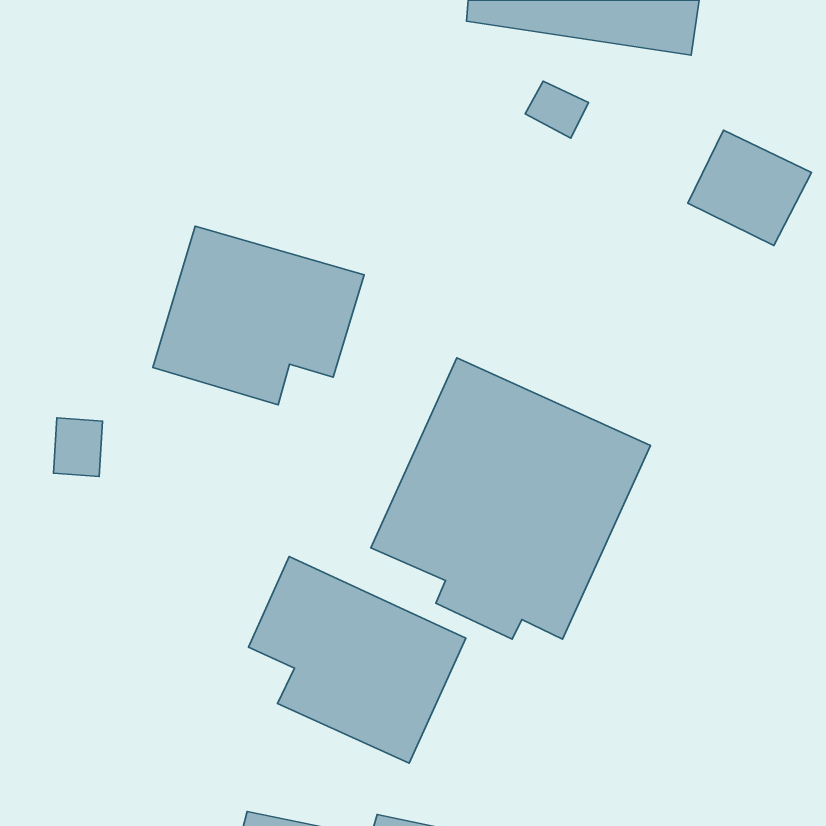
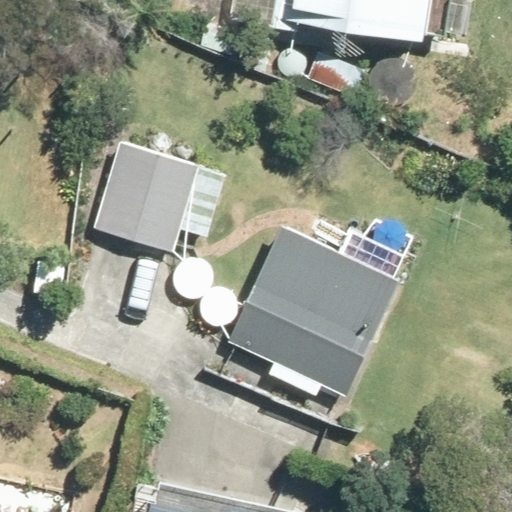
building: [248,556,466,763] -> none

